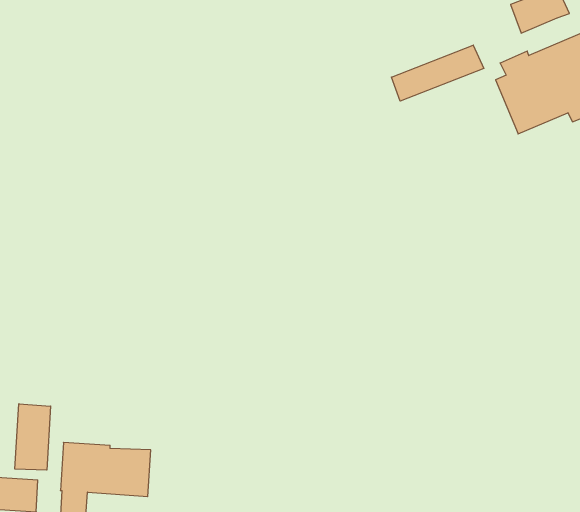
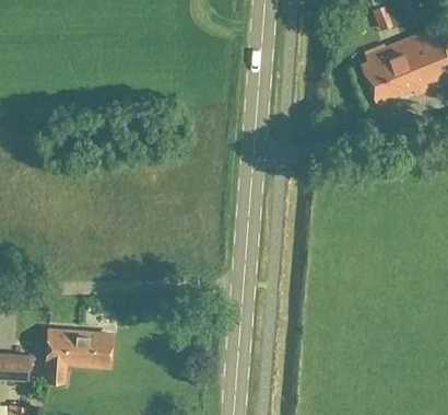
building: [391,45,484,101] -> none
building: [15,404,51,470] -> none

